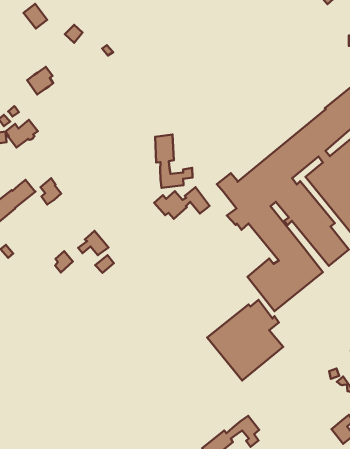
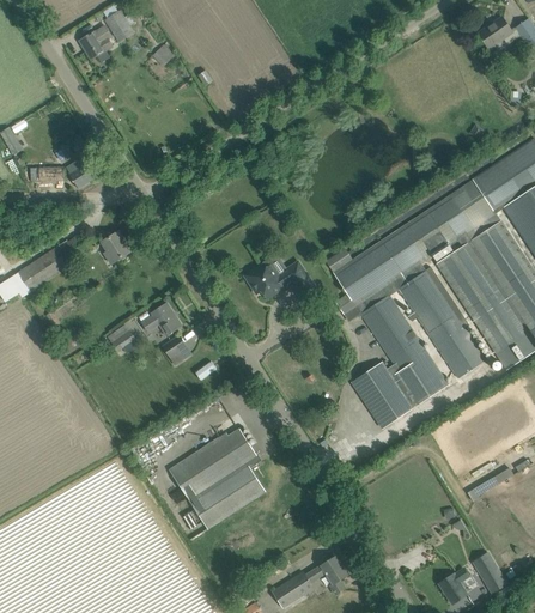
building: [27,67,53,94] -> [79,25,111,59]
building: [155,134,193,188] -> none
building: [207,300,283,380] -> [169,429,263,528]

